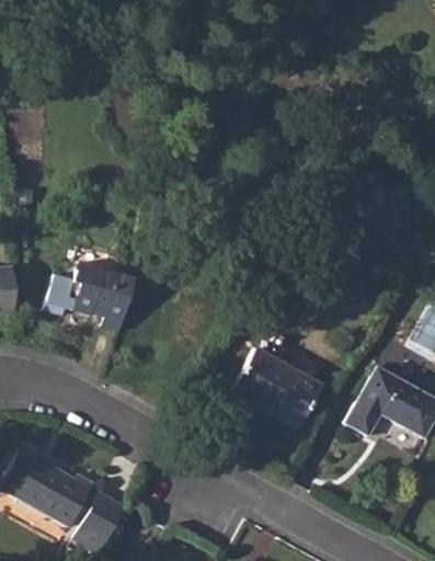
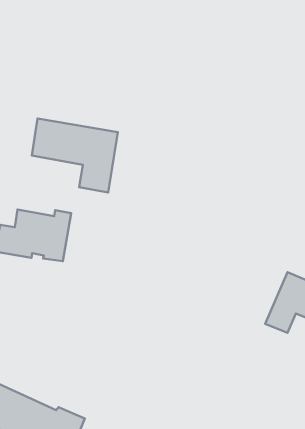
building: none -> [32,119,118,192]
building: [236,348,327,428] -> none

